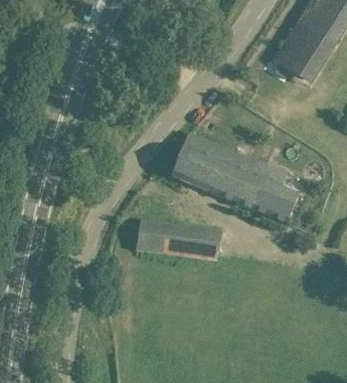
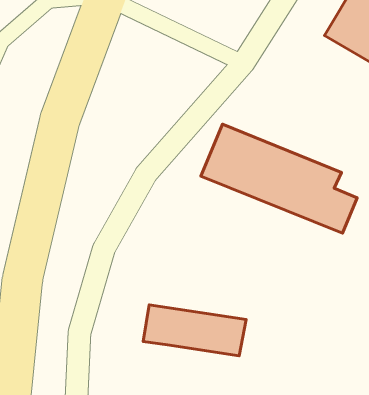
building: [135,217,220,259] -> [143,305,246,356]

